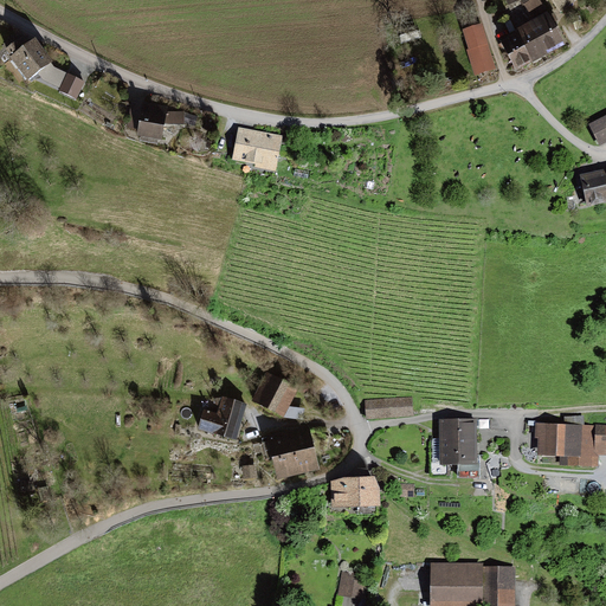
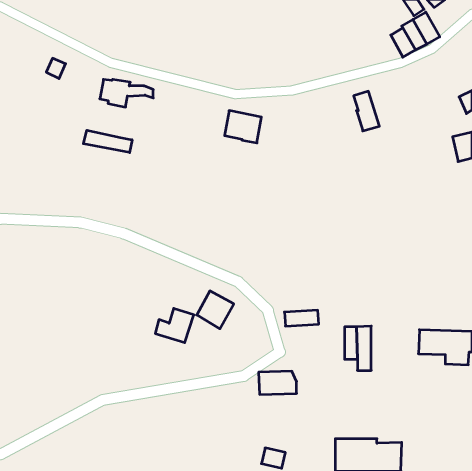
building: [463,25,496,76] -> [354,91,379,131]
building: [7,41,51,79] -> none
building: [234,129,282,170] -> [225,111,261,143]
building: none -> [83,130,132,153]
building: [270,427,320,476] -> none

